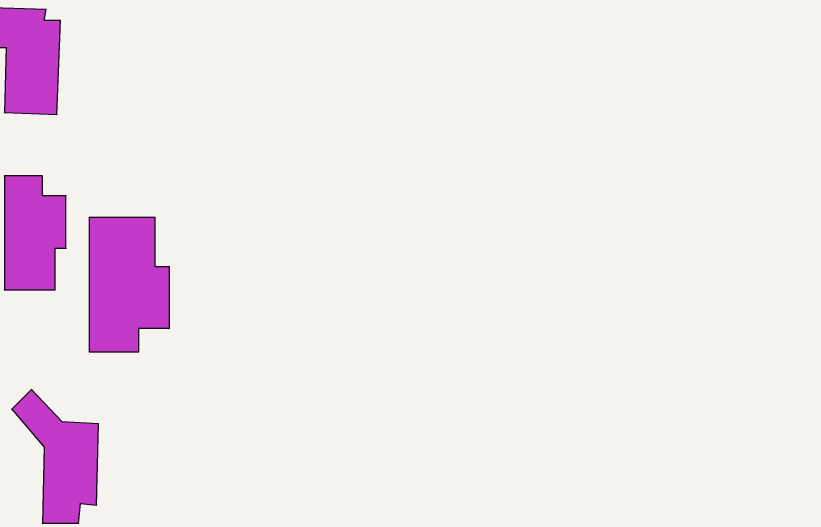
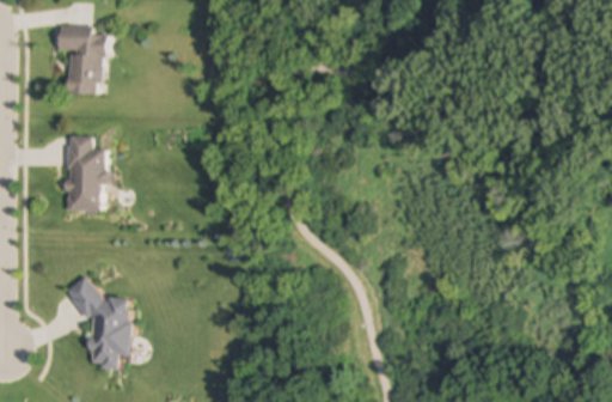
building: [89,217,169,352] -> none

